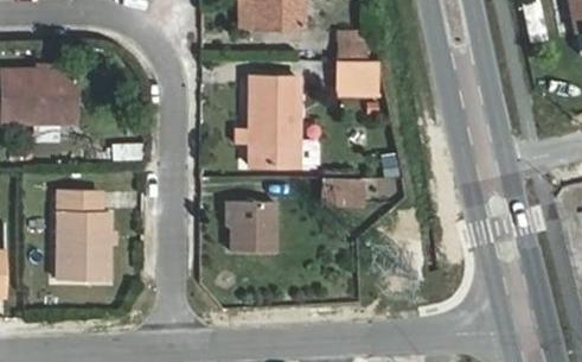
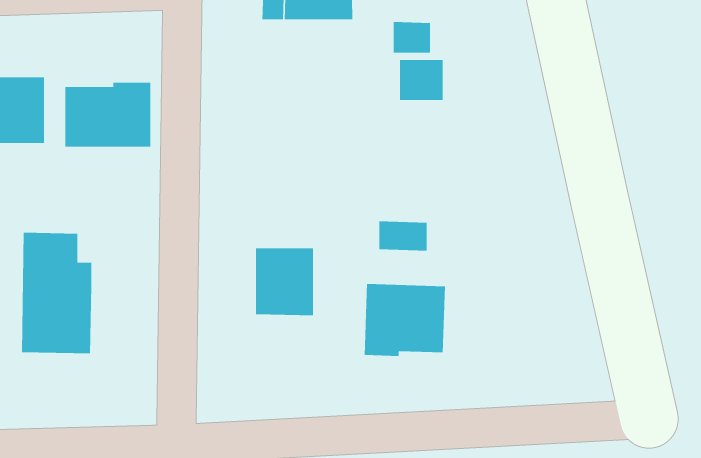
building: [249,76,300,165] -> none
building: none -> [65,82,151,148]
building: none -> [364,283,445,357]

